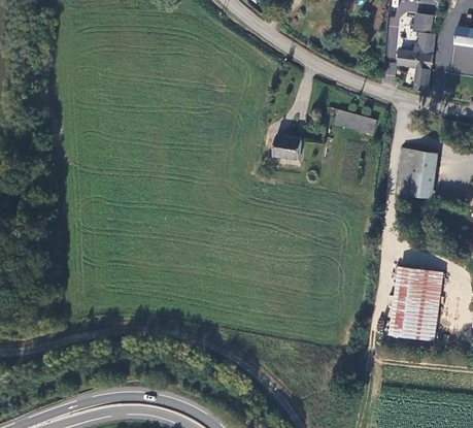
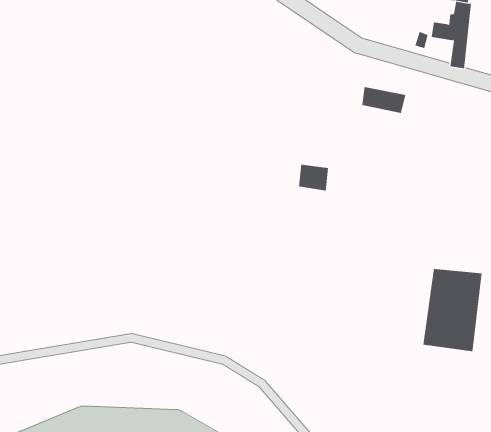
building: [274,135,301,159] -> [298,164,329,191]
building: [396,149,438,197] -> none

